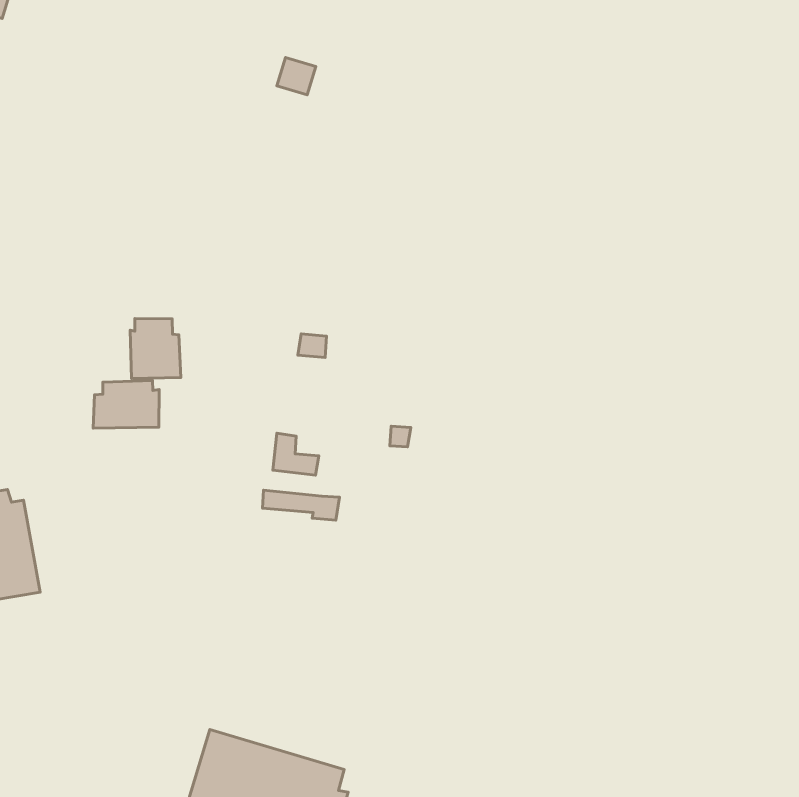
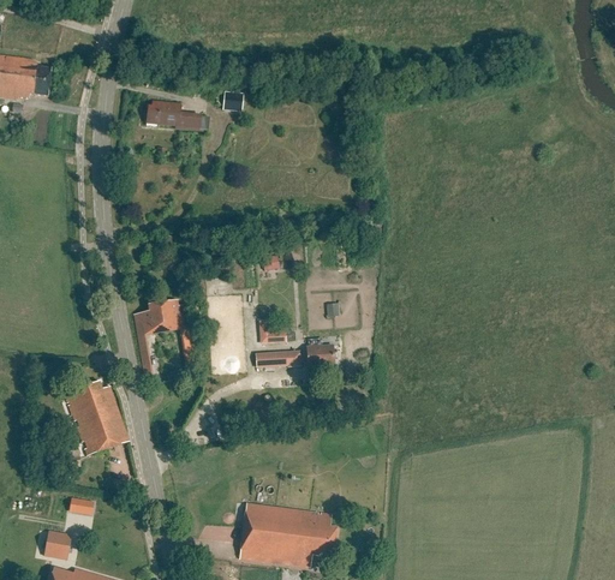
building: none -> [144,101,208,132]
building: [130,318,181,378] -> none
building: none -> [305,343,333,366]

